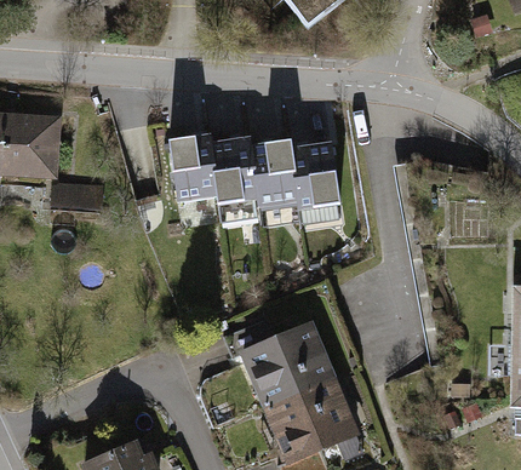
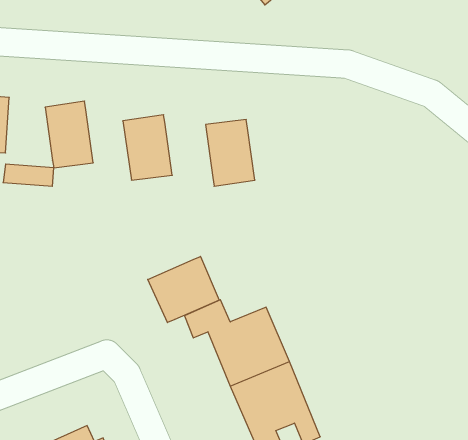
building: [211,139,258,205] -> [45,101,93,168]
building: [292,145,340,211] -> none
building: none -> [148,256,219,323]

